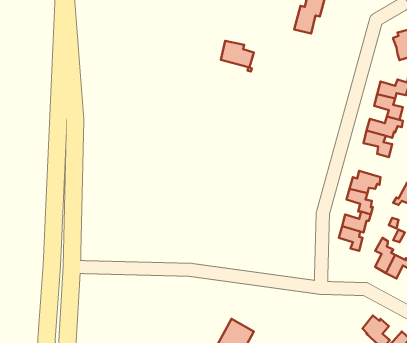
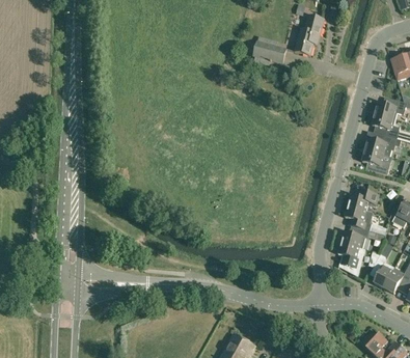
building: [221,41,254,72] -> [254,36,286,66]

